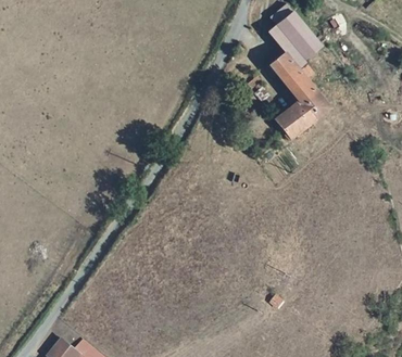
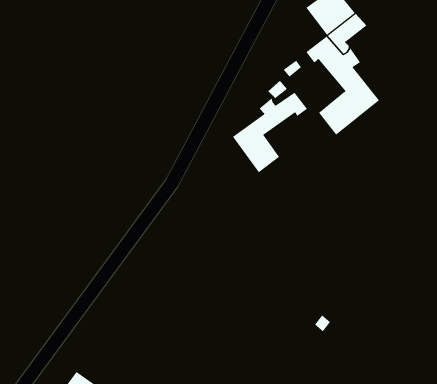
building: none -> [232,92,308,173]

